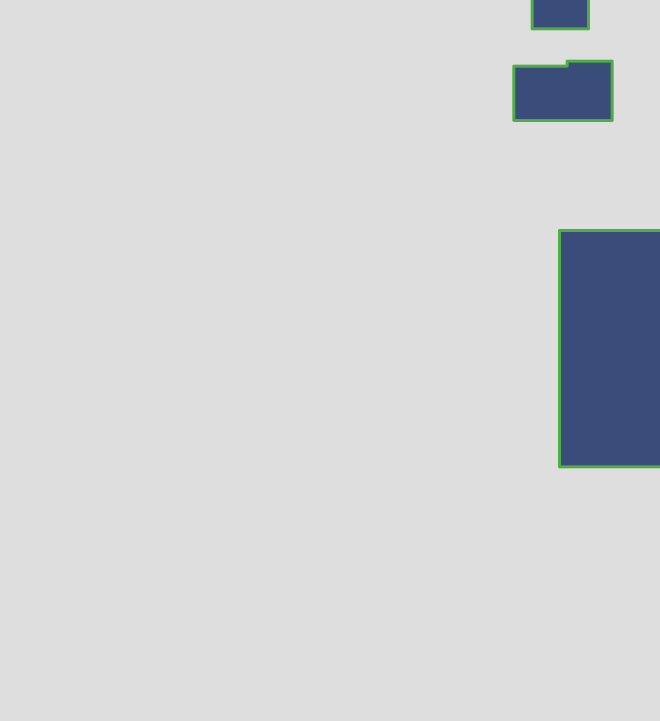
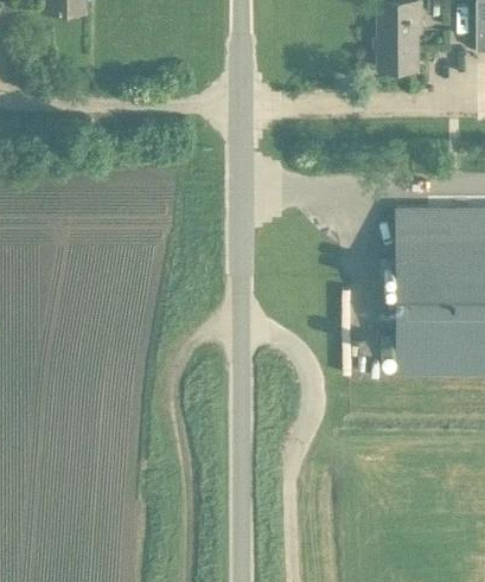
building: [514,61,612,121] -> none

